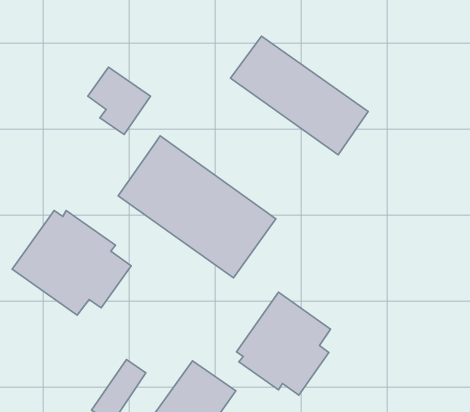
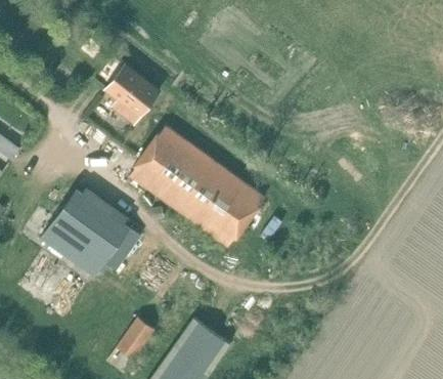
building: [231,36,368,155] -> none
building: [236,292,330,395] -> none

